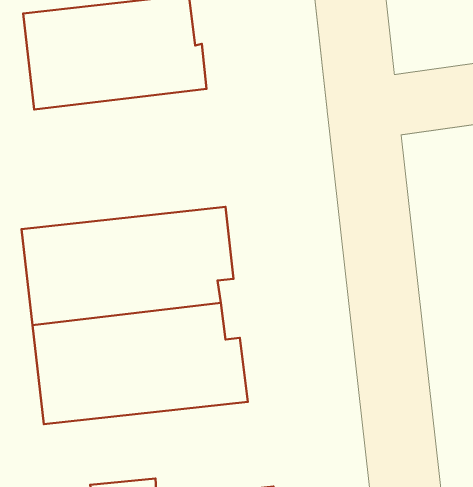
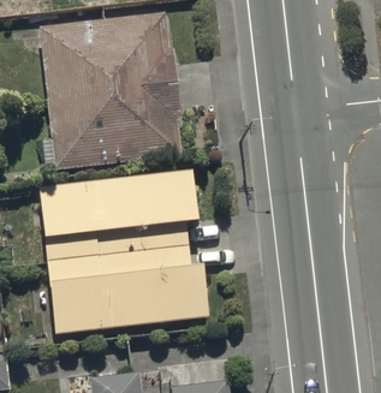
building: none -> [47,82,181,168]

